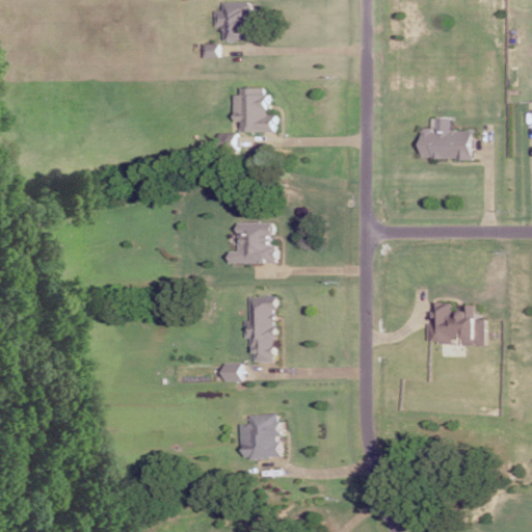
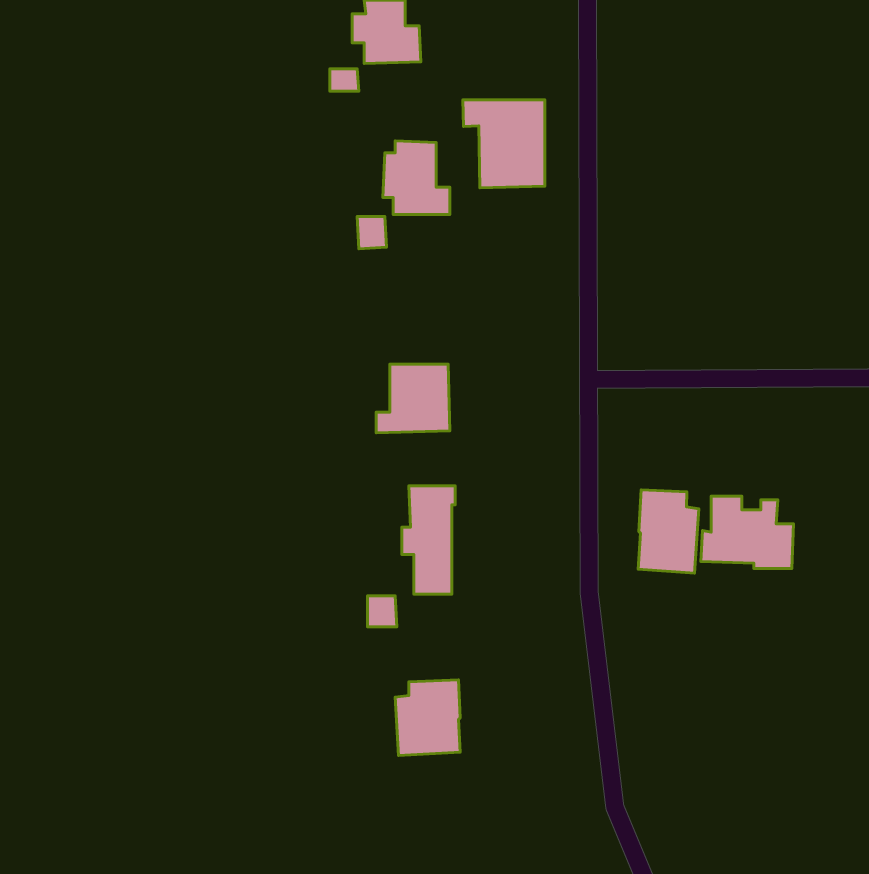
building: none -> [463,100,545,188]
building: [417,117,468,159] -> none
building: none -> [638,490,699,573]

